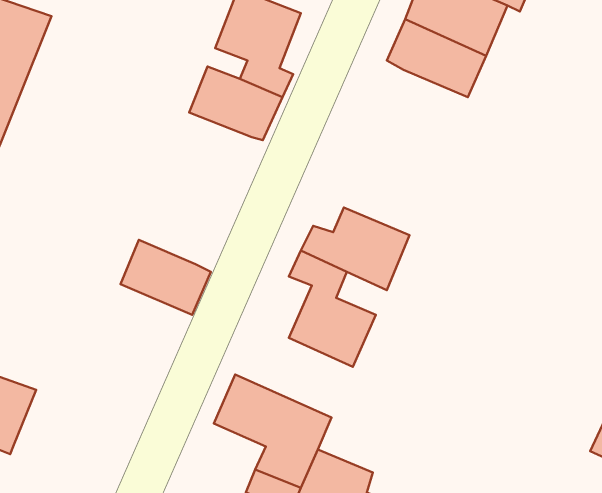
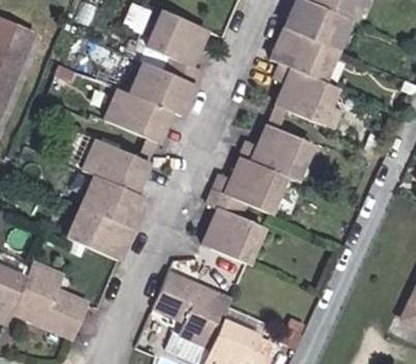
building: none -> [273,63,336,124]
building: none -> [108,86,176,141]
building: none -> [238,128,311,182]
building: none -> [86,145,150,194]
building: none -> [77,208,136,260]
building: none -> [14,260,92,341]

